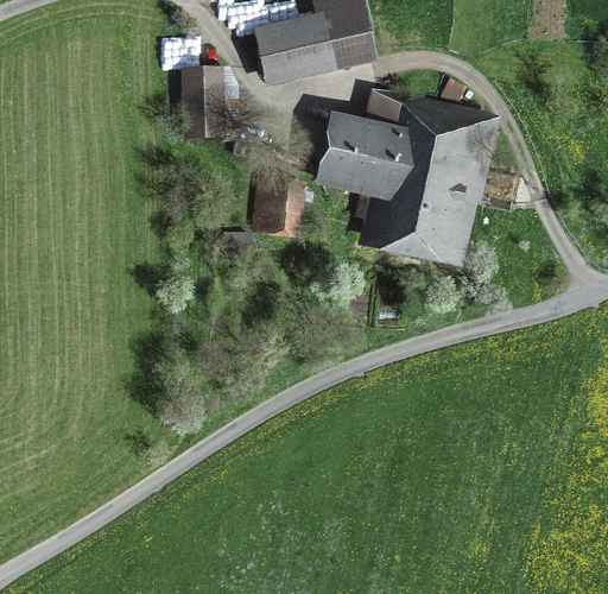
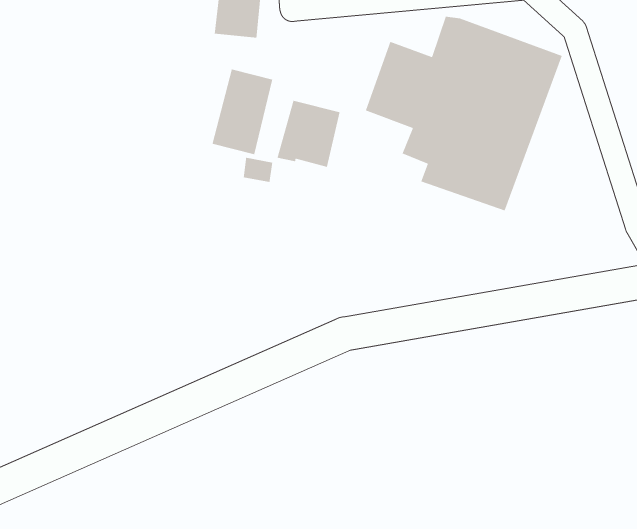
building: none -> [211,68,273,155]

